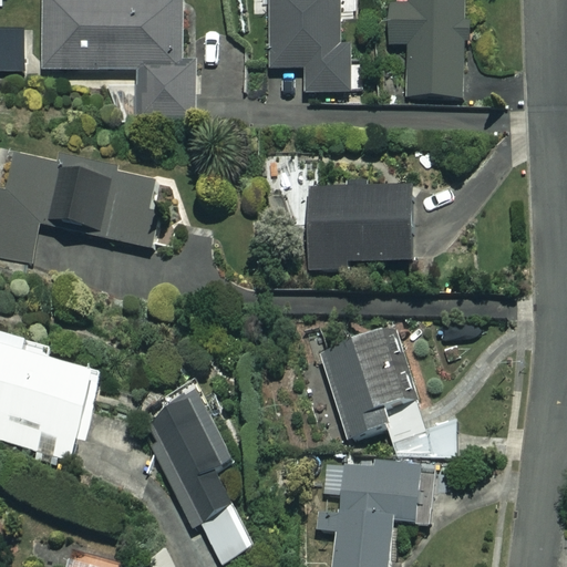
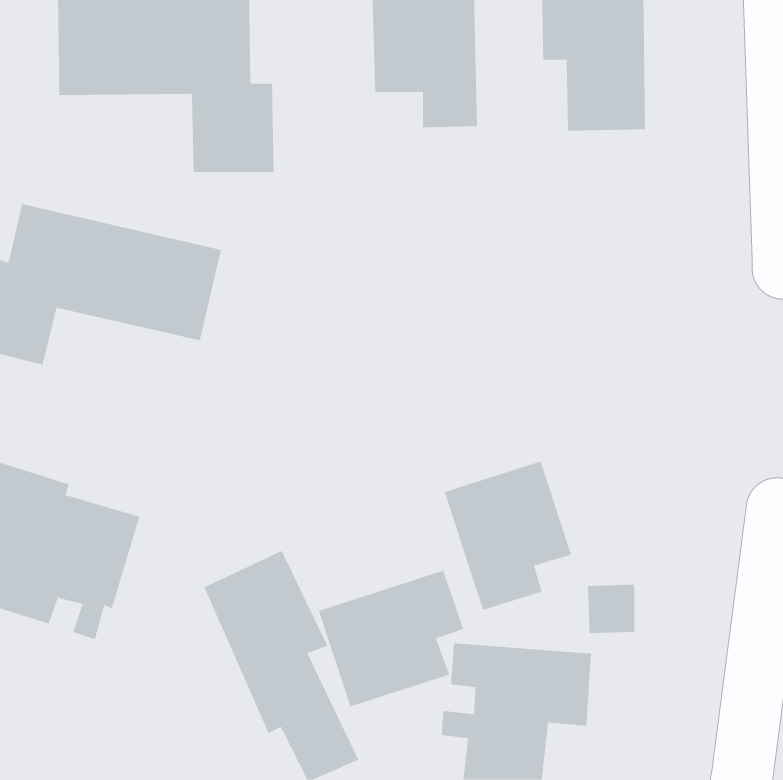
building: [309,187,412,268] -> none
building: none -> [318,570,464,707]

